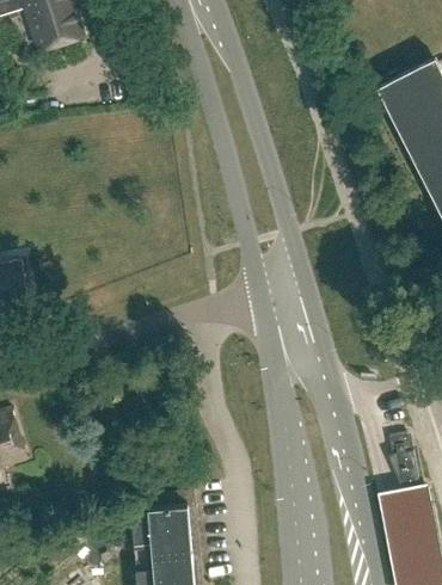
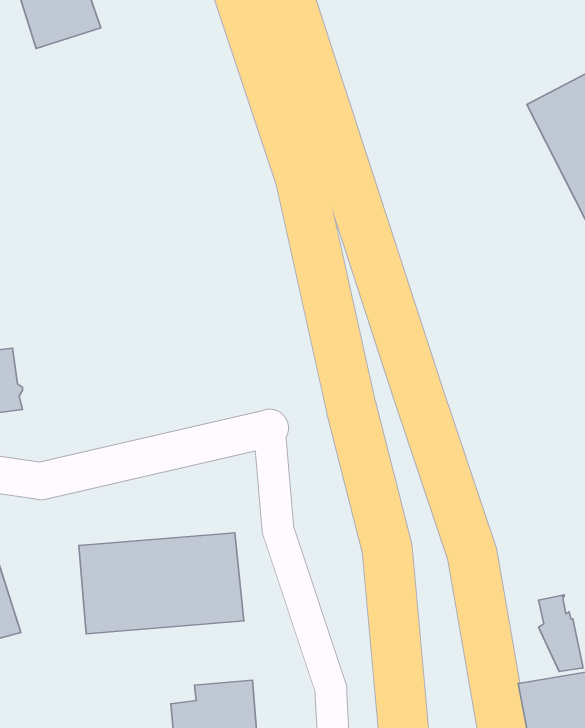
building: none -> [79,533,244,634]

